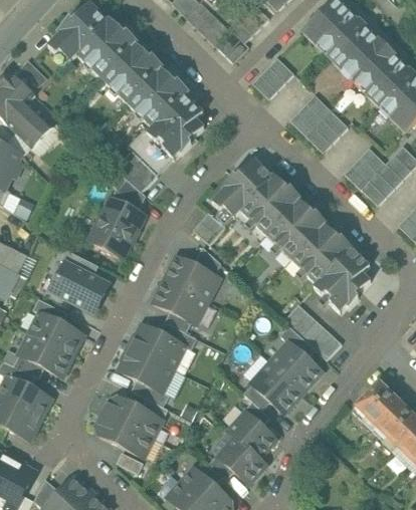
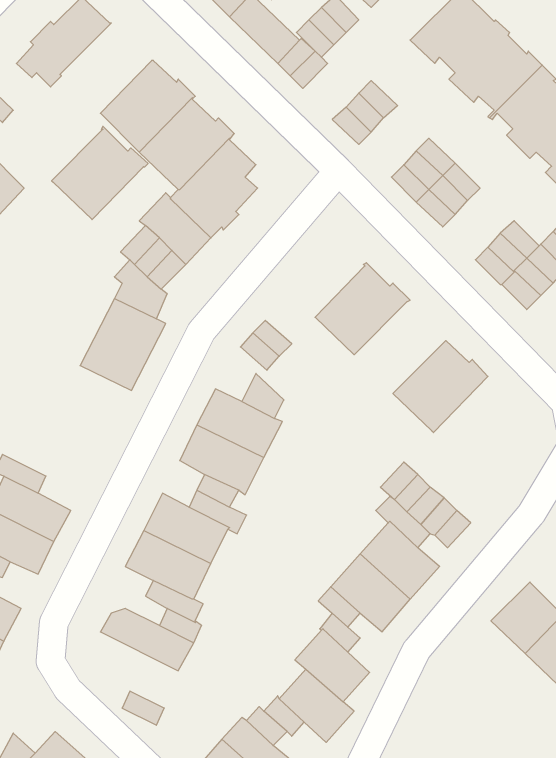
building: [76,18,139,78] -> [52,126,148,220]
building: [212,159,273,217] -> none
building: [266,200,328,259] -> none
building: [314,248,371,311] -> none
building: [52,264,108,312] -> none
building: [96,413,153,457] -> none

